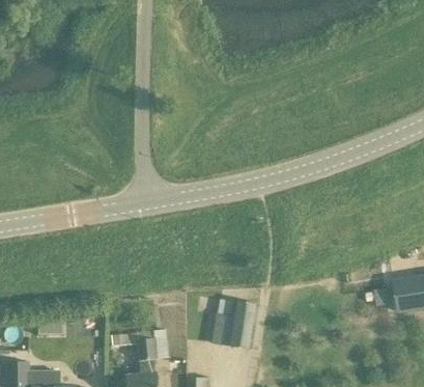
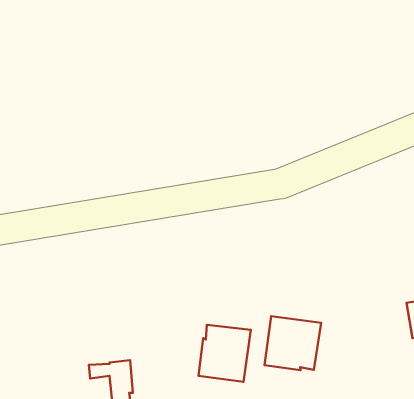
building: none -> [265,316,321,370]

